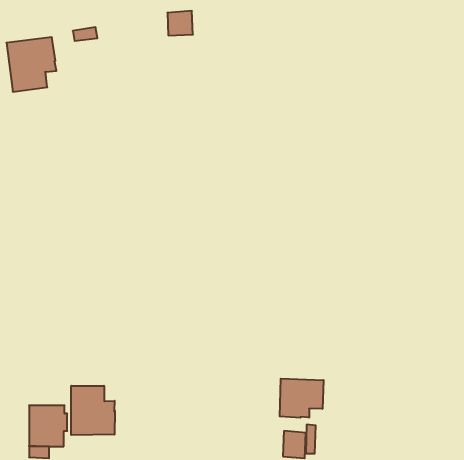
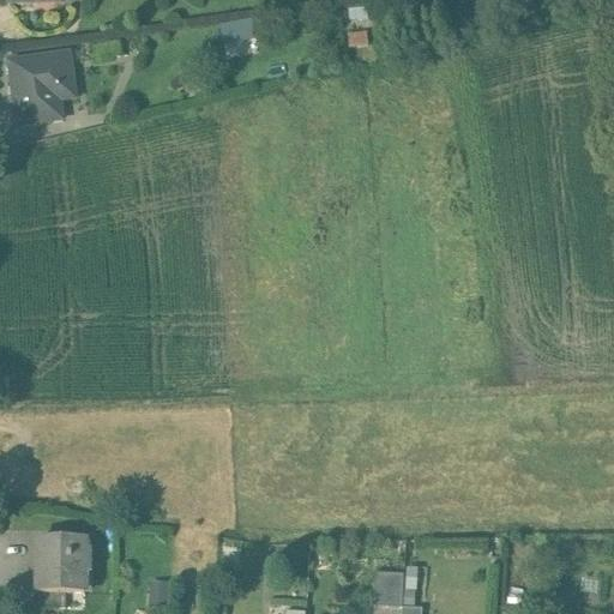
building: [280,379,324,418] -> none
building: [71,386,115,435] -> none

